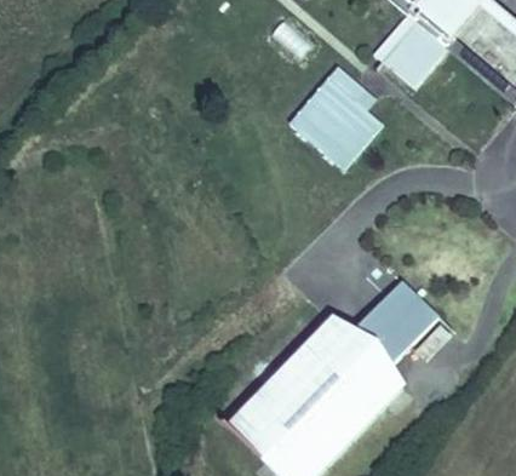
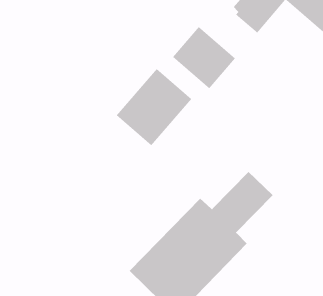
building: none -> [116,68,192,146]

